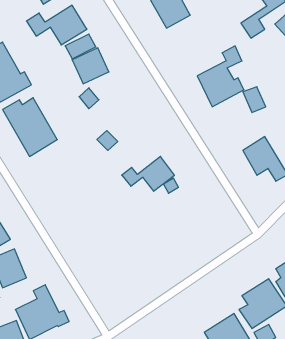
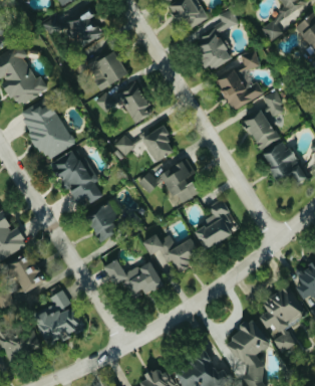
building: none -> [193,10,238,70]
building: none -> [120,89,153,124]
building: none -> [242,111,279,151]
building: none -> [140,127,176,163]
building: none -> [50,149,103,205]
building: none -> [194,200,233,250]
building: none -> [86,205,121,240]
building: none -> [141,234,199,273]
building: none -> [103,259,163,296]

